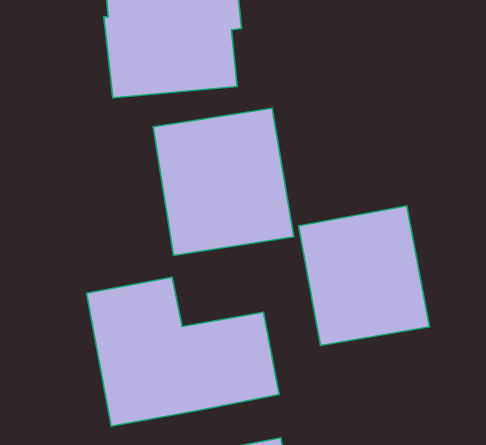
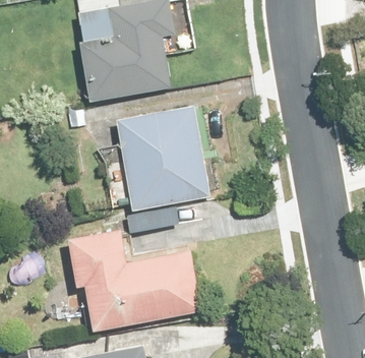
building: [299,206,429,345] -> none

